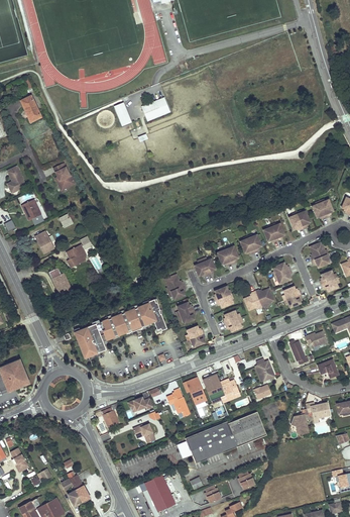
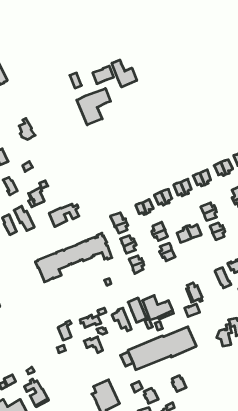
building: none -> [112,60,137,87]
building: none -> [77,88,111,125]
building: none -> [49,204,79,227]

